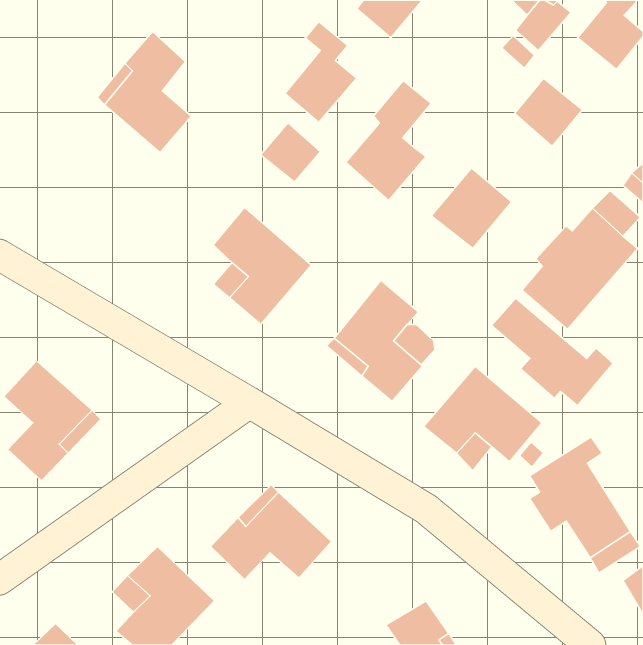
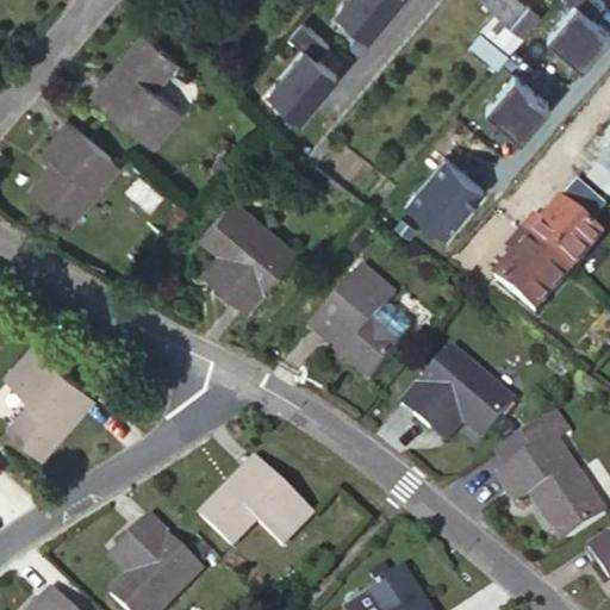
building: [346,80,431,201] -> none
building: [261,123,321,182] -> none
building: none -> [33,119,119,223]
building: [492,298,613,406] -> none

